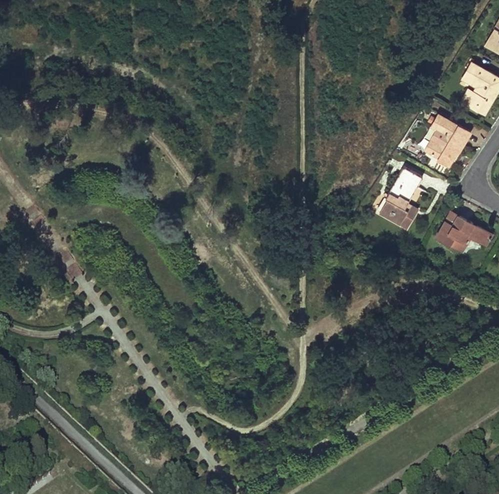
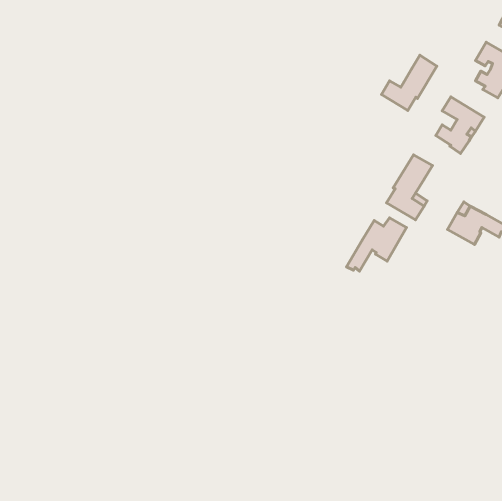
building: none -> [382,55,437,111]
building: none -> [346,218,407,271]

